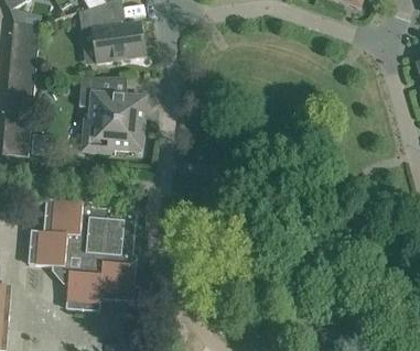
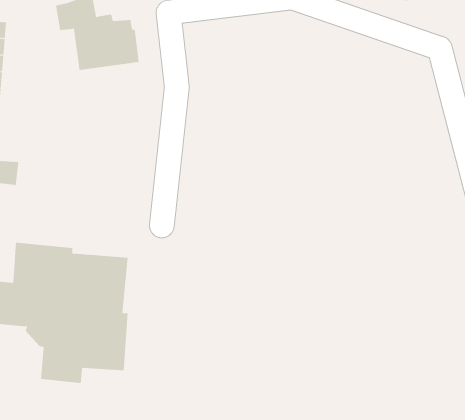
building: [78,75,146,152] -> none

